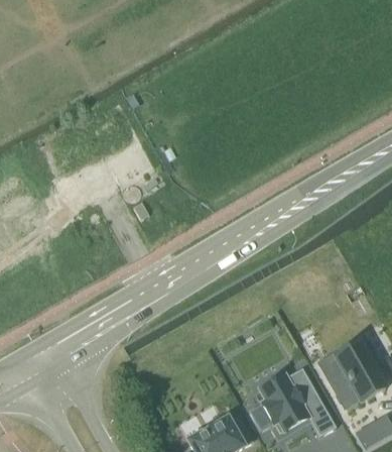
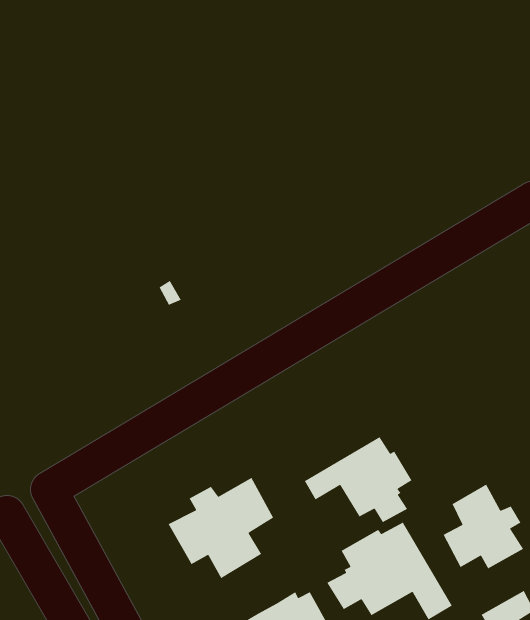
building: none -> [304,436,412,523]
building: none -> [167,477,274,579]

